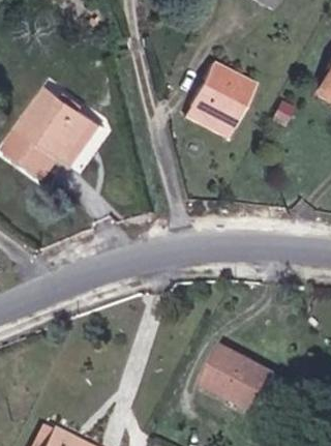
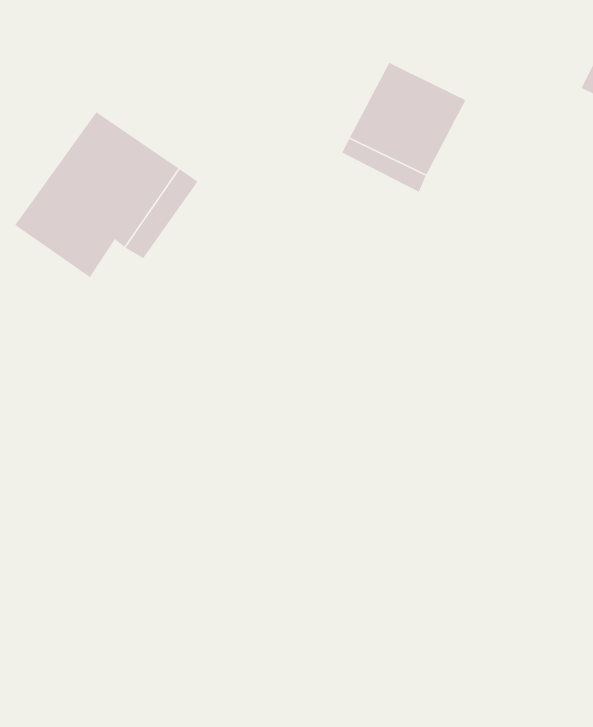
building: [203,347,271,405] -> none

